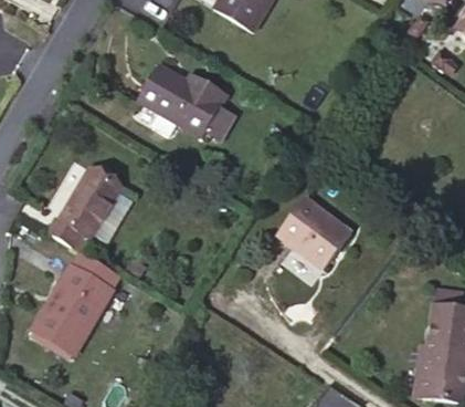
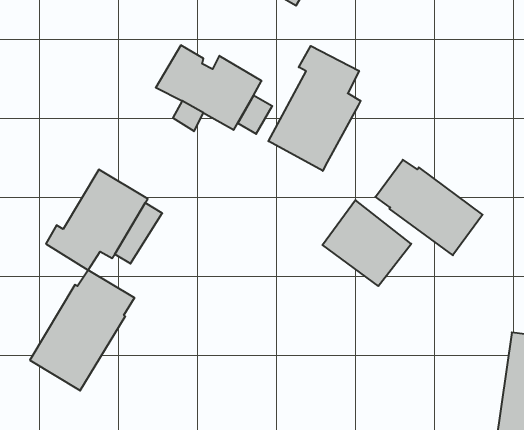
building: none -> [268,46,361,171]
building: none -> [375,160,483,255]

